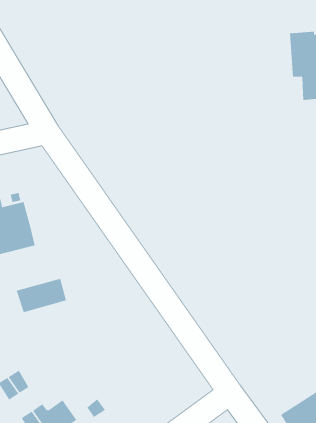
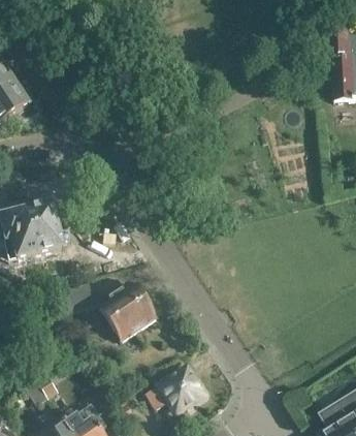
building: none -> [98,284,156,342]
building: none -> [150,370,201,410]

